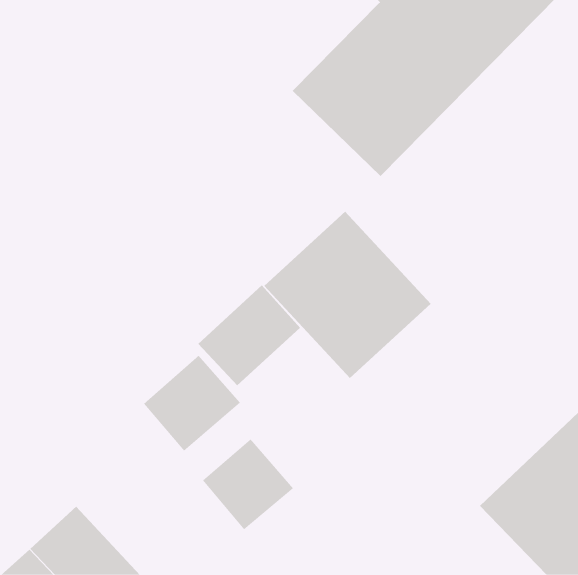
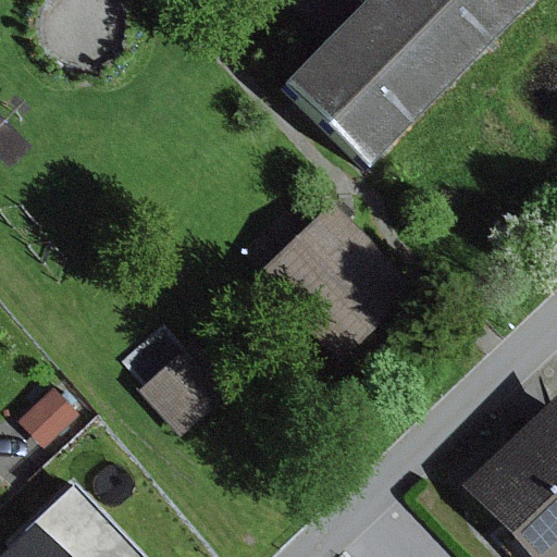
building: [198,284,301,386] -> none
building: [202,439,294,530] -> none

